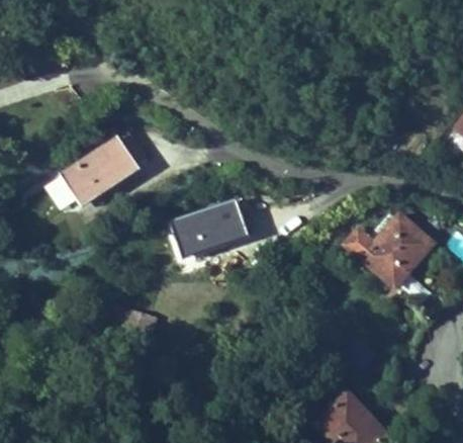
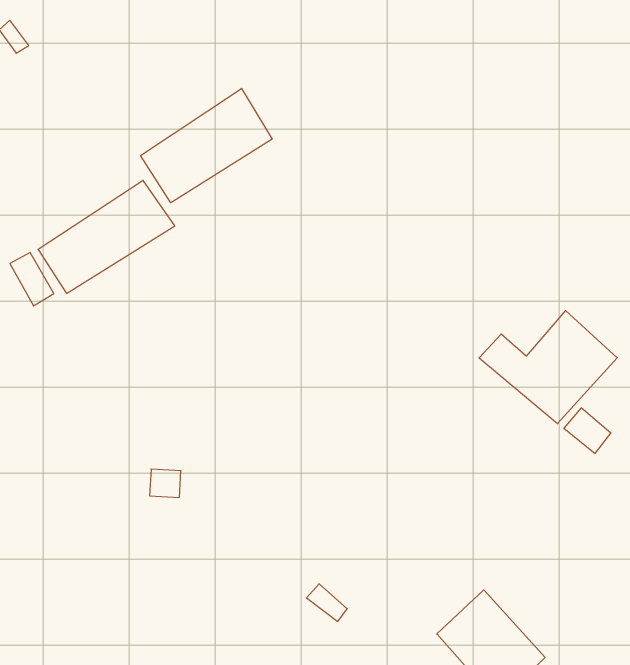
building: none -> [141,88,272,203]
building: [172,199,248,253] -> none

